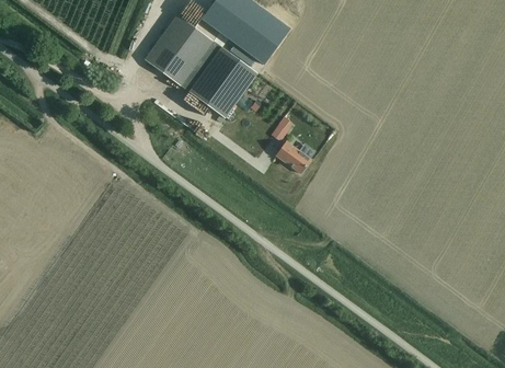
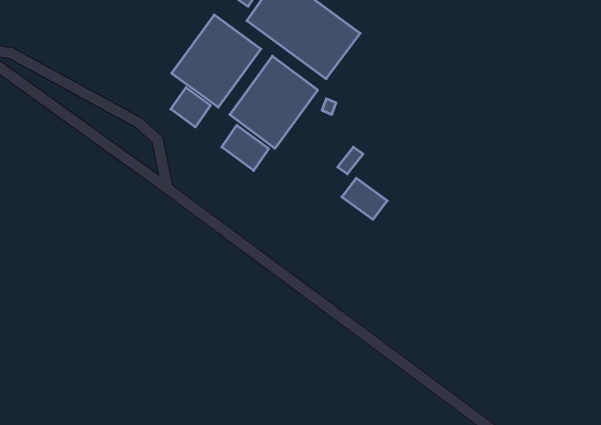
building: none -> [171,87,210,127]
building: none -> [222,125,269,171]

